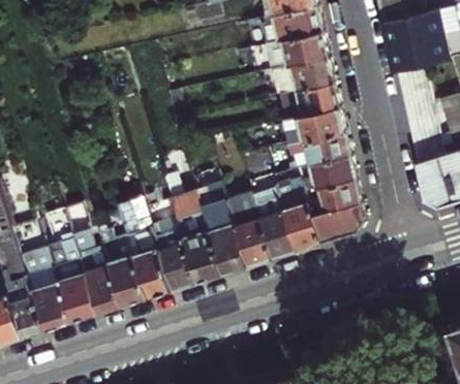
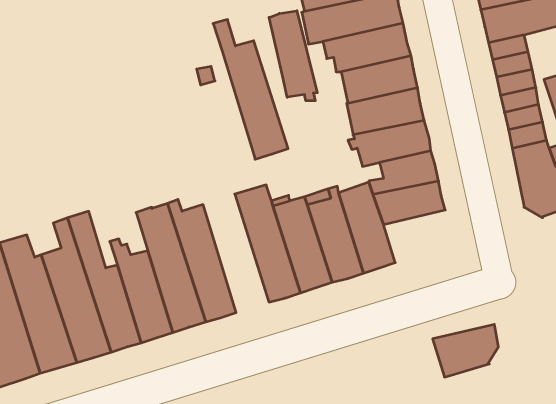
building: none -> [269,11,317,101]
building: [163,173,222,283] -> [213,20,288,159]
building: [312,202,364,244] -> [433,324,498,377]

